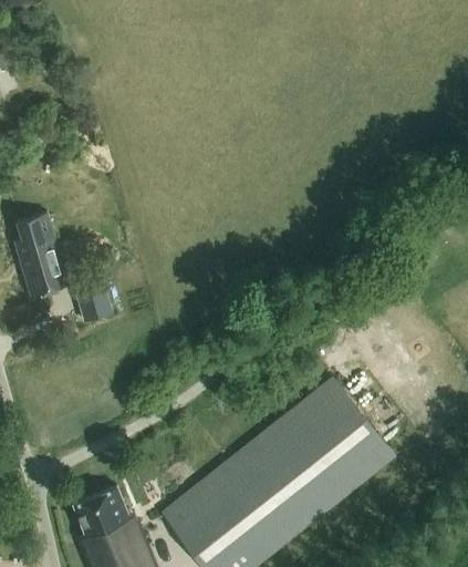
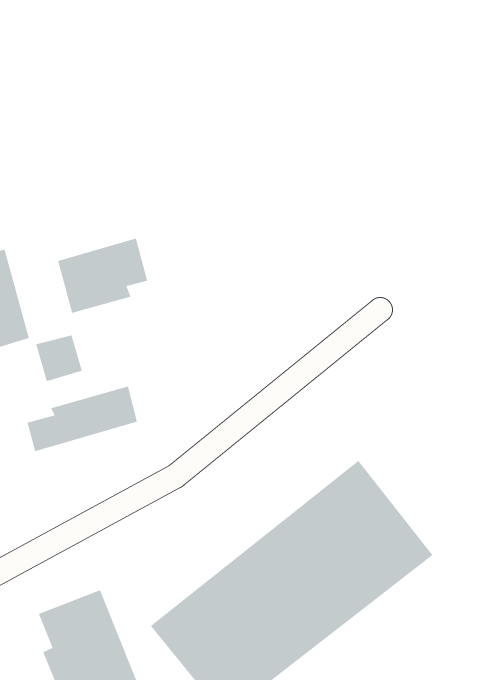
building: none -> [57,237,148,314]
building: none -> [26,385,138,452]

